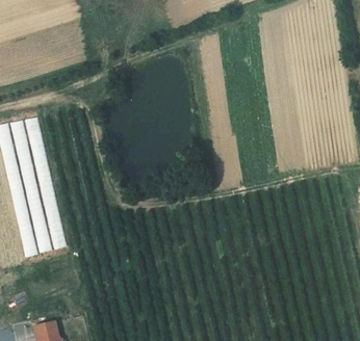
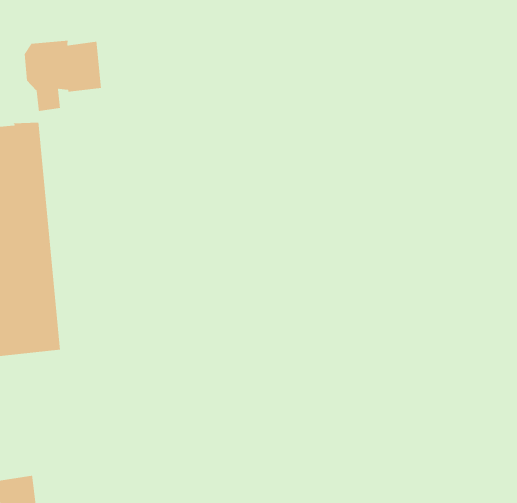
building: none -> [24,40,102,112]

